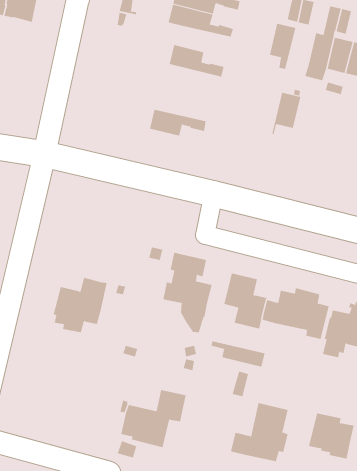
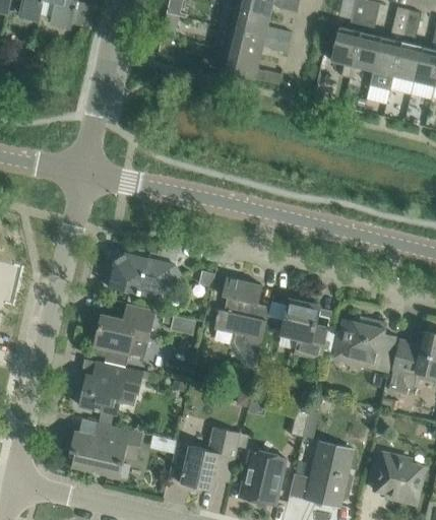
building: [271,92,301,135] -> [349,31,381,78]
building: [149,109,207,136] -> [226,28,289,58]
building: none -> [108,253,181,299]
building: none -> [79,364,141,414]
building: [211,340,265,367] -> none
building: none -> [69,422,142,478]
building: none -> [240,451,285,505]

